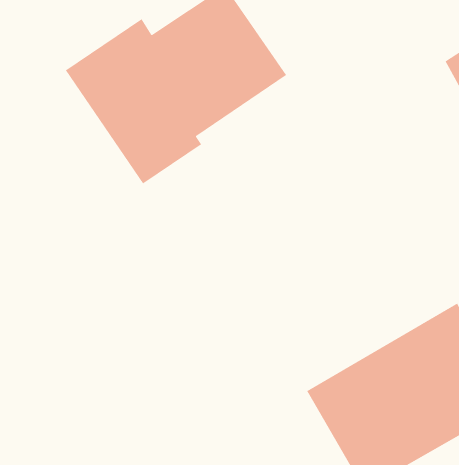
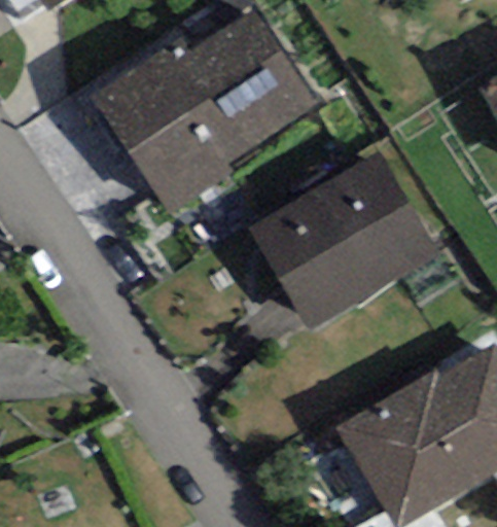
building: none -> [248,150,437,331]

